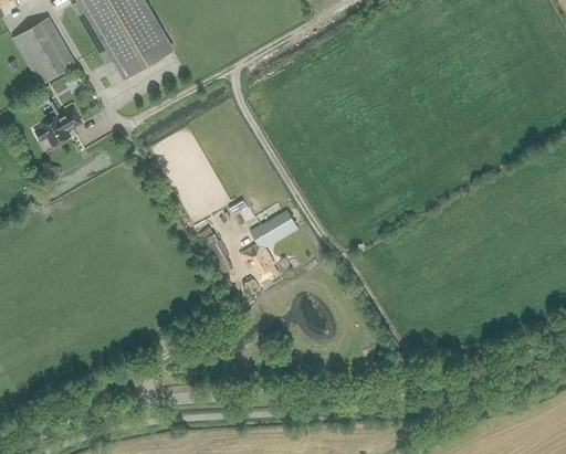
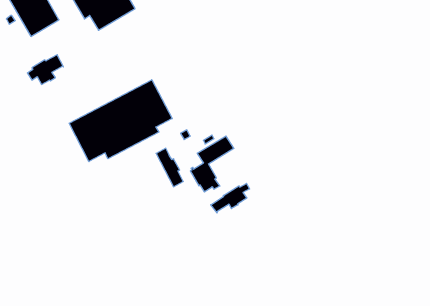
building: none -> [69,80,172,162]
building: none -> [211,183,250,213]

